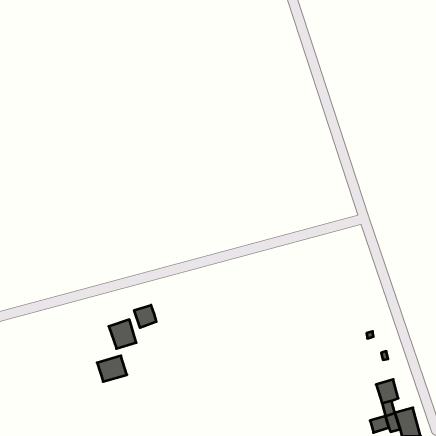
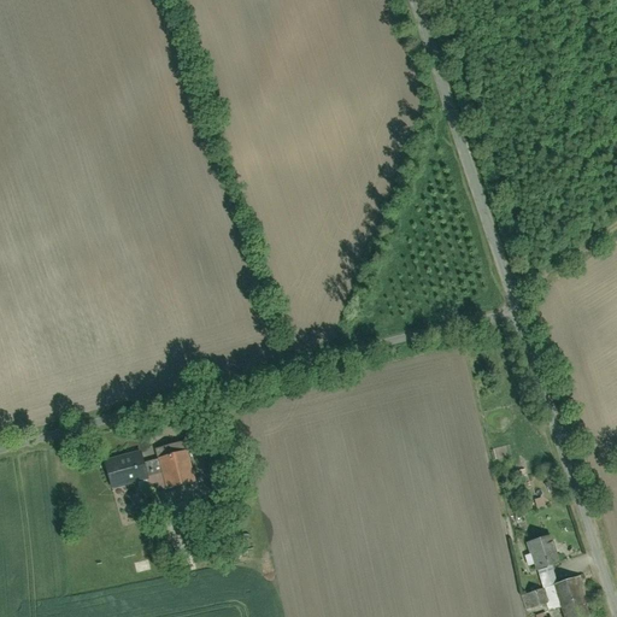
building: [134,305,156,328] -> none
building: [97,356,127,382] -> [101,451,143,487]

